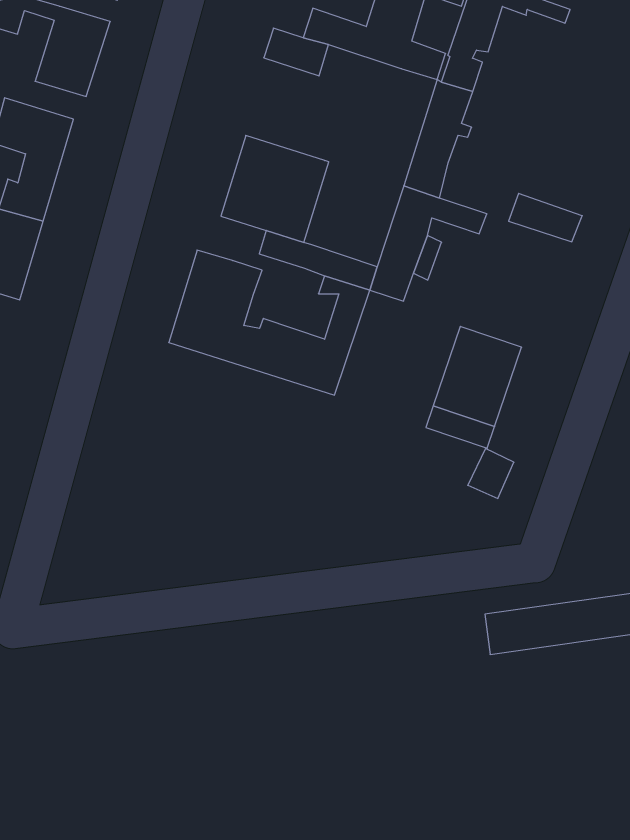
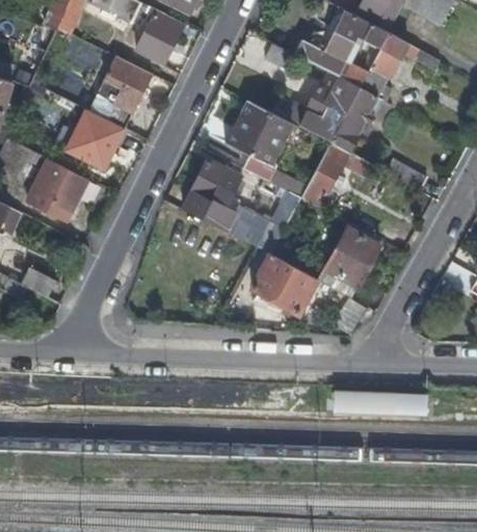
building: none -> [288,78,359,143]
building: none -> [251,254,316,315]

